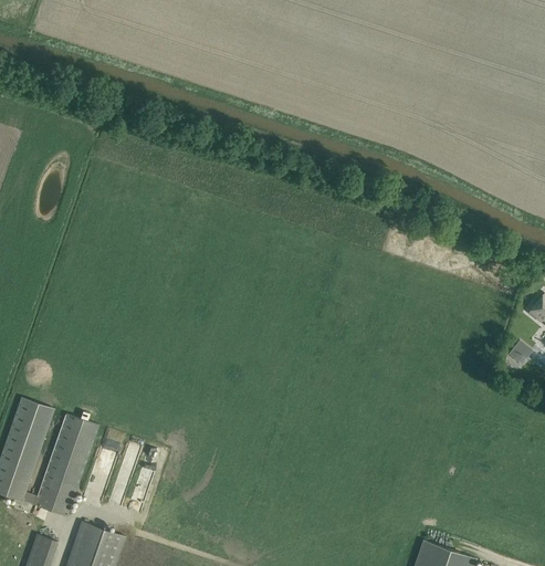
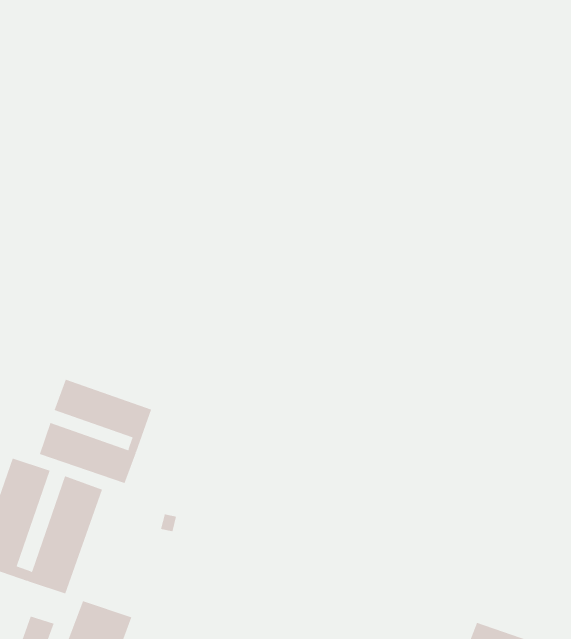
building: none -> [39,379,152,484]

